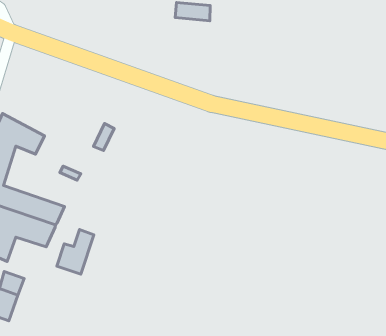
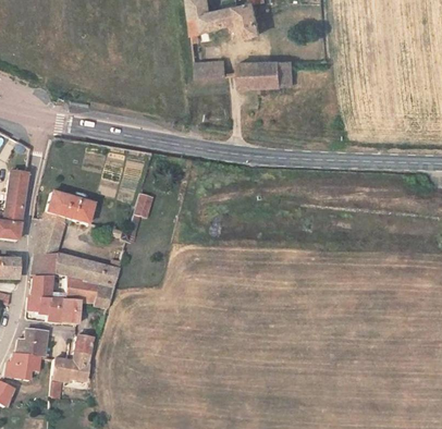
building: none -> [238,58,292,85]
building: [57,229,94,274] -> none

